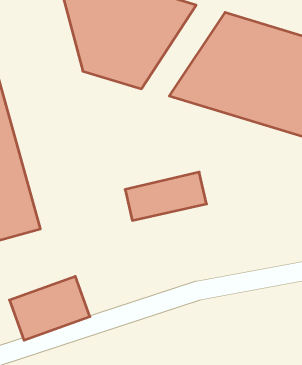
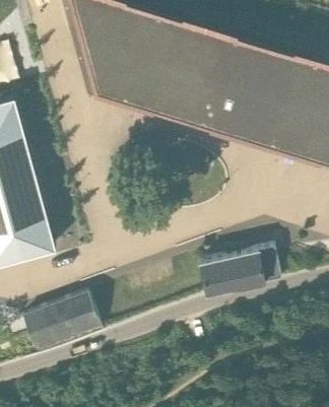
building: none -> [153,29,236,119]
building: [125,172,207,220] -> [199,251,279,298]

